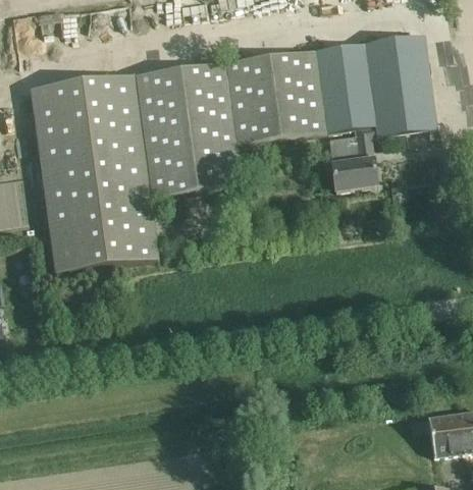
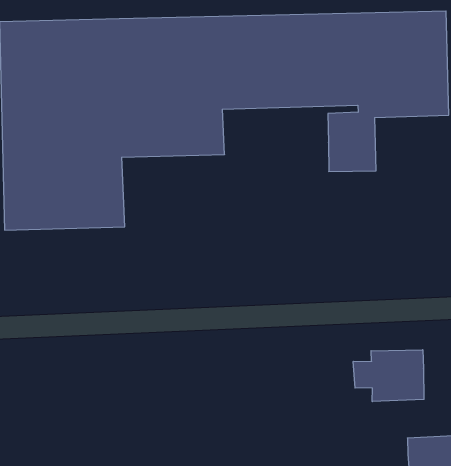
building: none -> [353,350,424,402]

